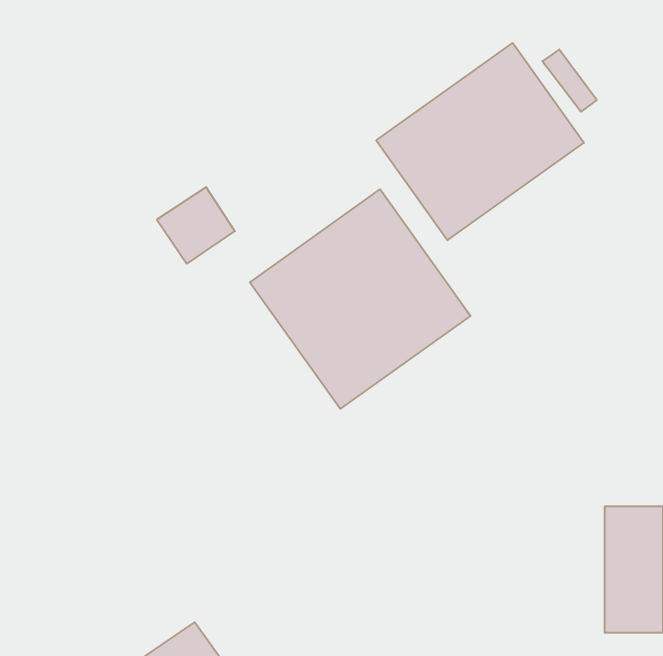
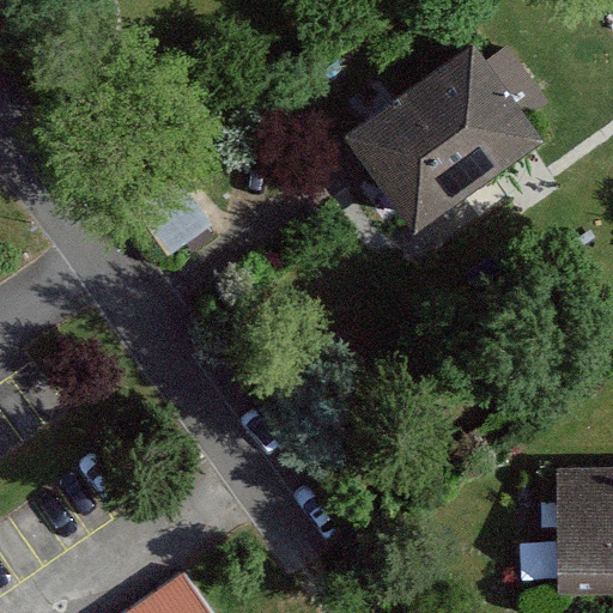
building: [250,189,471,409] -> none

